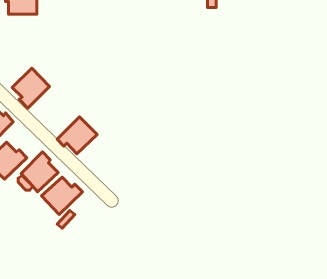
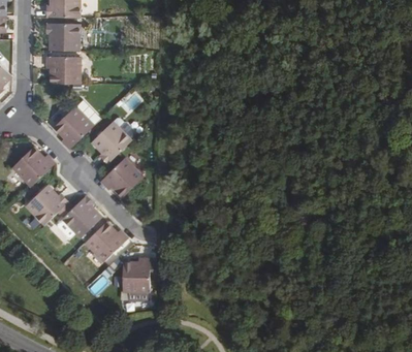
building: none -> [45,57,80,83]
building: none -> [91,121,130,164]
building: none -> [122,258,149,291]

